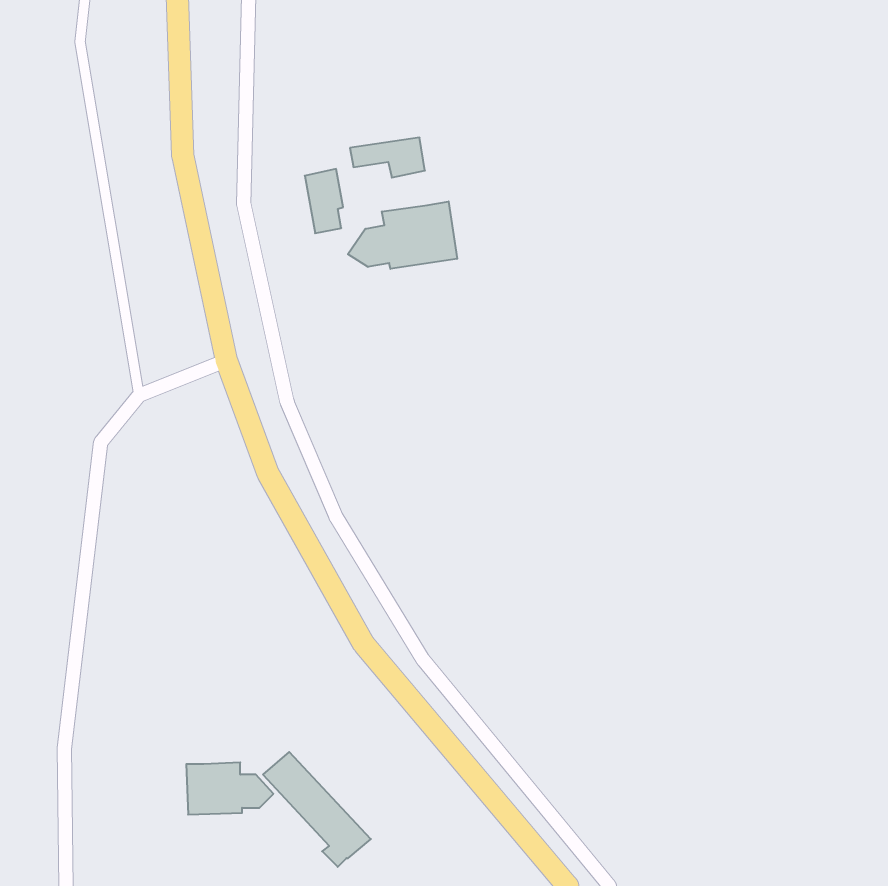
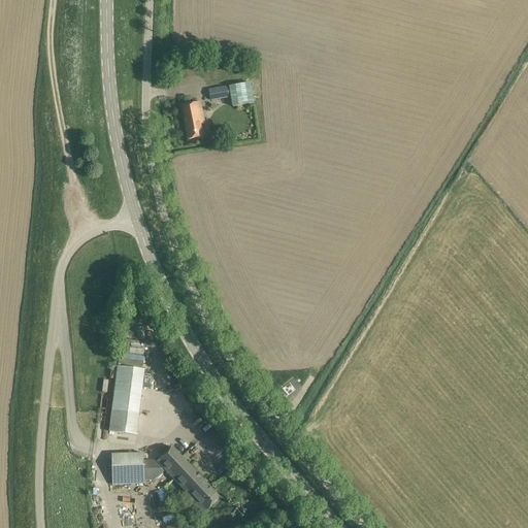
building: [348,201,457,269] -> none
building: none -> [108,357,143,433]

